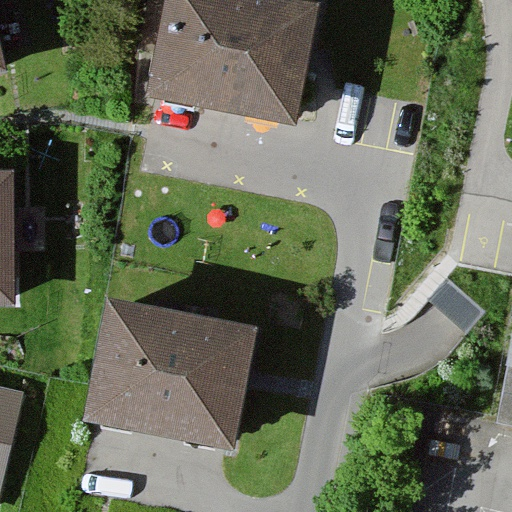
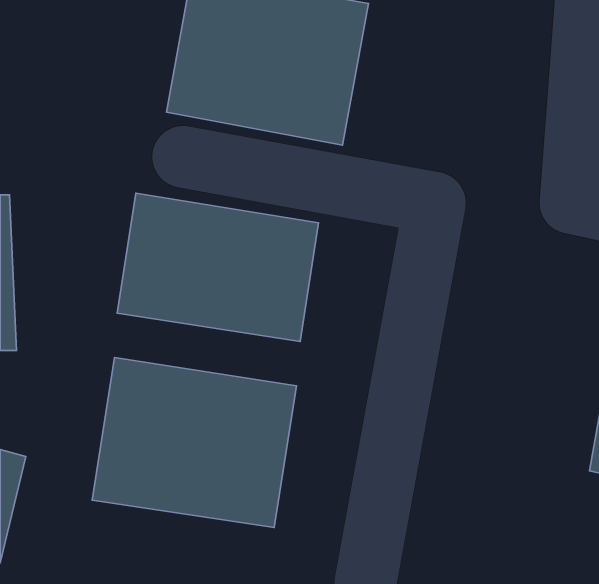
building: none -> [117,193,318,342]

